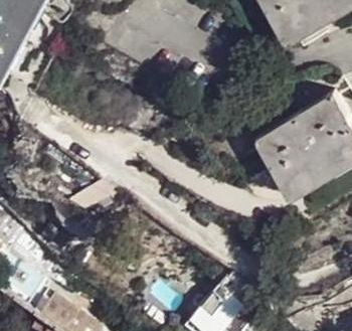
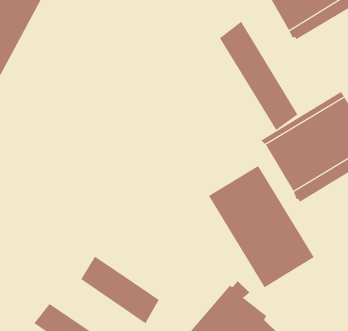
building: none -> [219,21,298,131]
building: none -> [208,165,314,288]
building: none -> [81,256,159,324]

